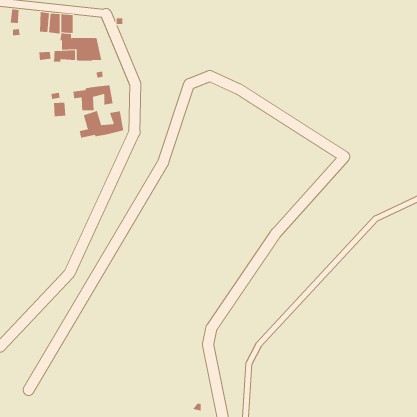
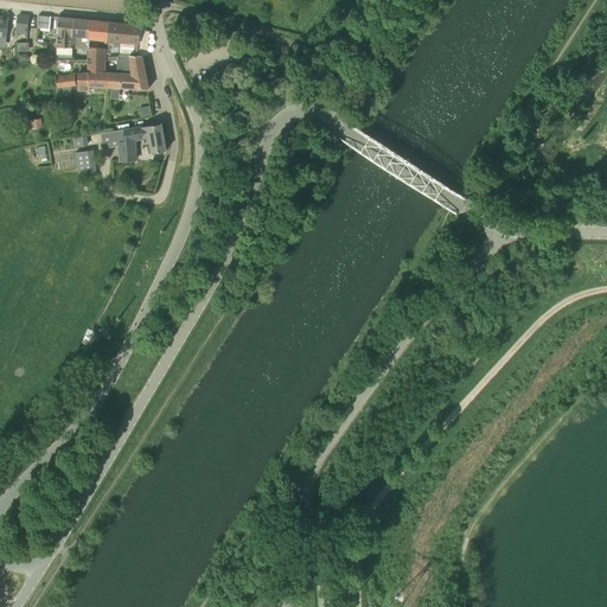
building: none -> [104,21,140,55]
building: [79,110,124,138] -> none

